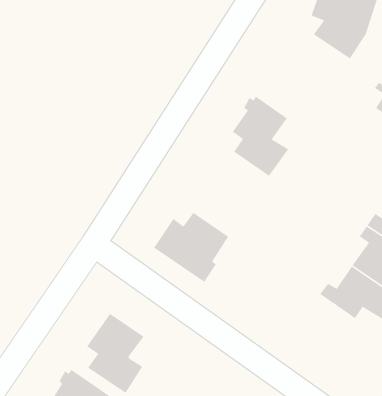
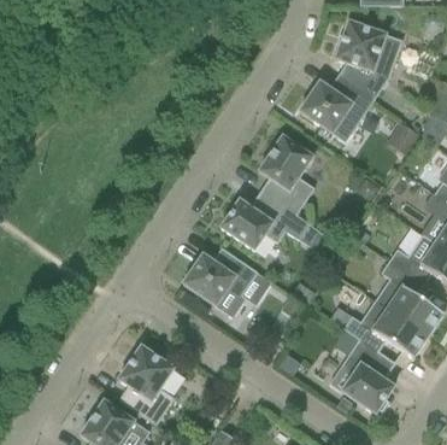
building: none -> [300,76,374,140]
building: none -> [220,189,310,250]
building: none -> [330,338,396,412]

